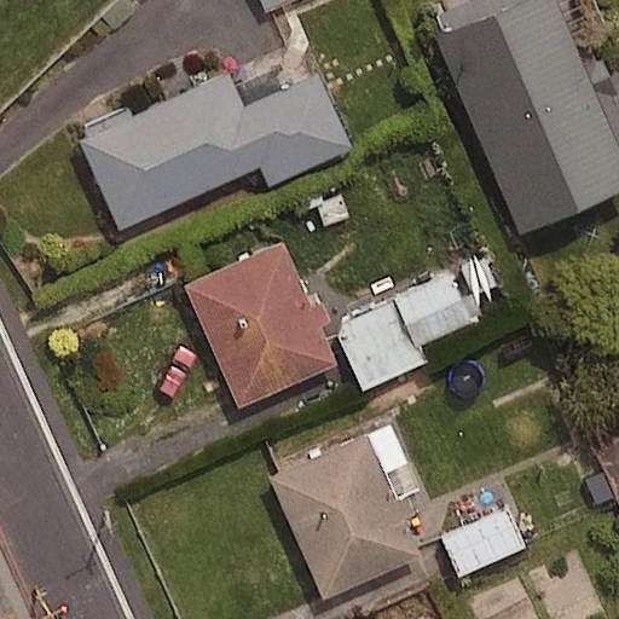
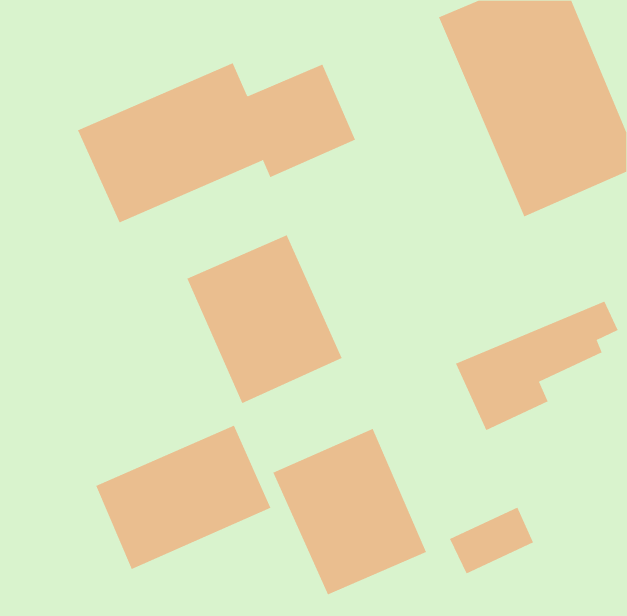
building: [335,265,496,393] -> [455,301,618,431]
building: none -> [96,425,271,570]

